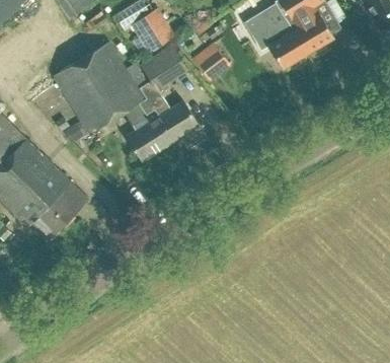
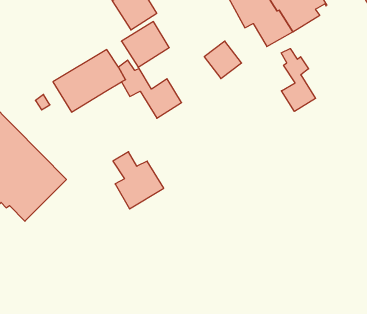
building: [56,44,126,104] -> none
building: [192,44,229,80] -> [204,41,242,79]
building: none -> [281,49,316,111]
building: [125,104,174,160] -> [113,152,164,209]

